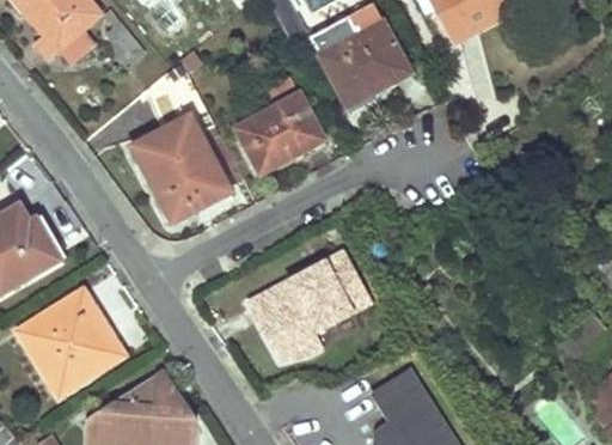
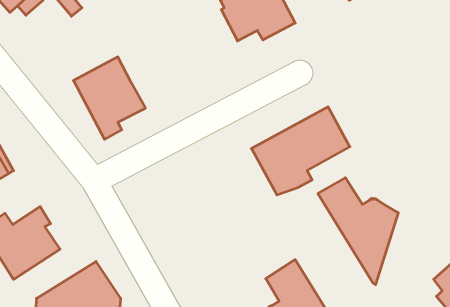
building: [235,75,326,172] -> none
building: [249,249,373,360] -> [251,107,350,195]
building: none -> [318,178,398,285]

